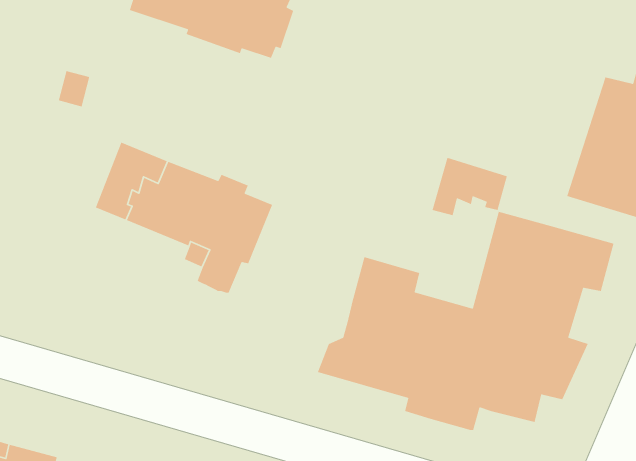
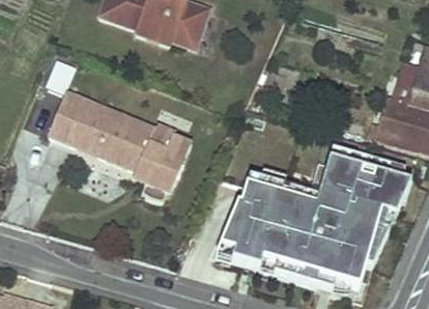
building: none -> [48,91,93,145]
building: [432,157,508,216] -> none

